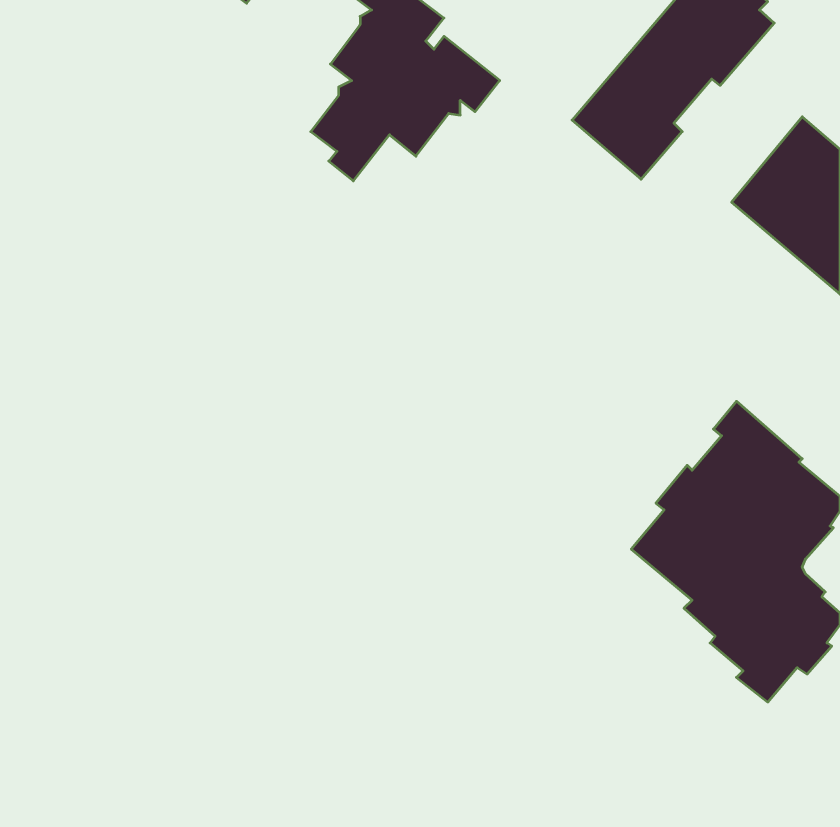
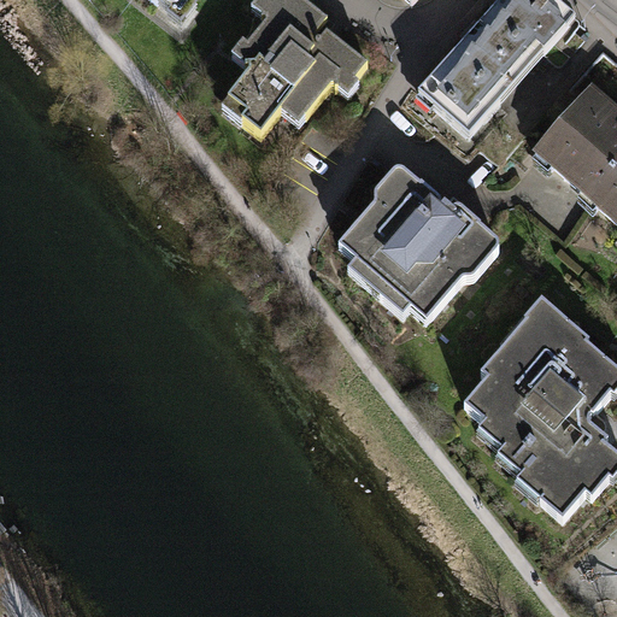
building: none -> [337,165,496,312]

